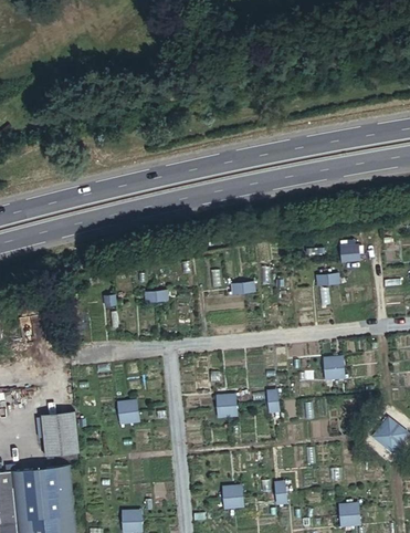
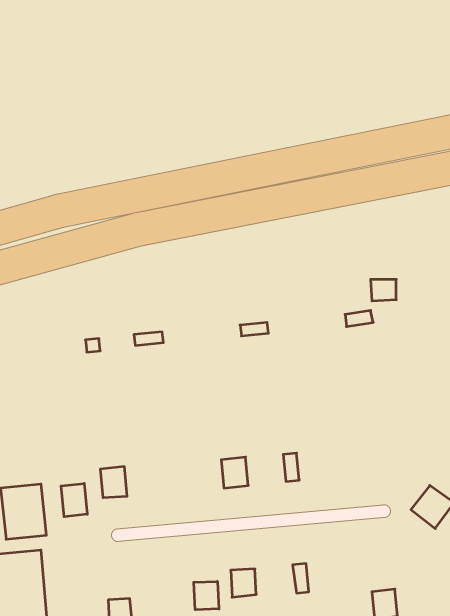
building: [324,355,346,378] -> none
building: none -> [61,483,87,517]
building: none -> [194,581,219,610]

